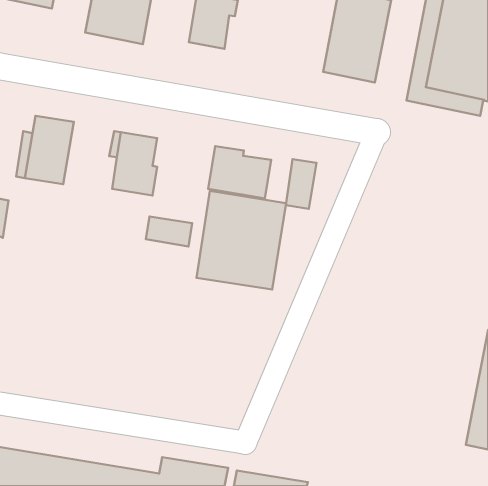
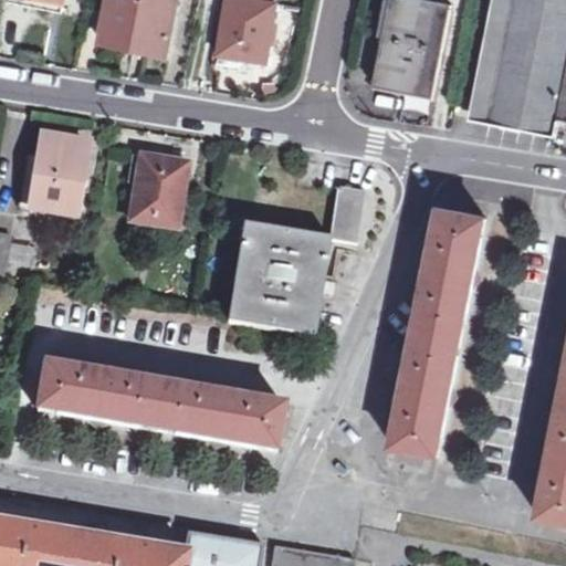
building: [208,146,271,198] -> none
building: none -> [391,207,482,452]
building: [146,217,192,247] -> none
building: none -> [36,361,282,447]

